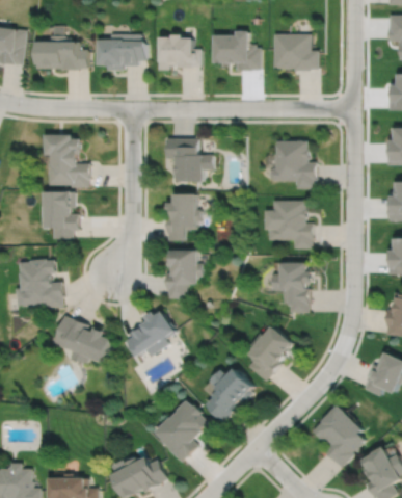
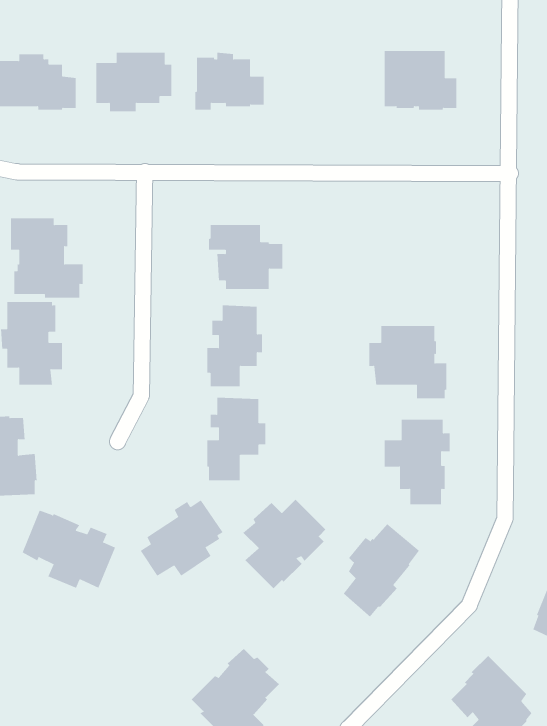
building: [214,32,259,71] -> none
building: [268,142,315,189] -> none
building: [205,365,256,420] -> [243,499,326,589]

